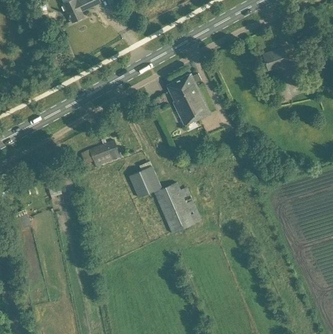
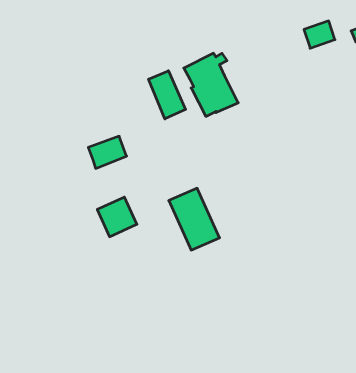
building: none -> [149,71,186,119]
building: [129,164,161,196] -> [97,197,137,237]

